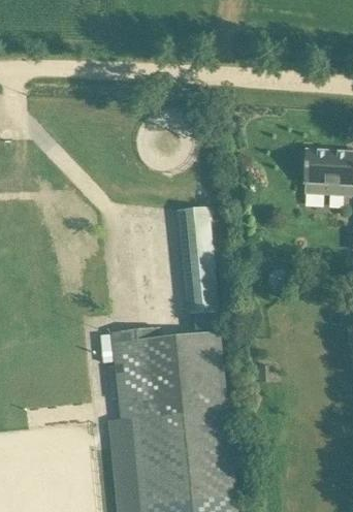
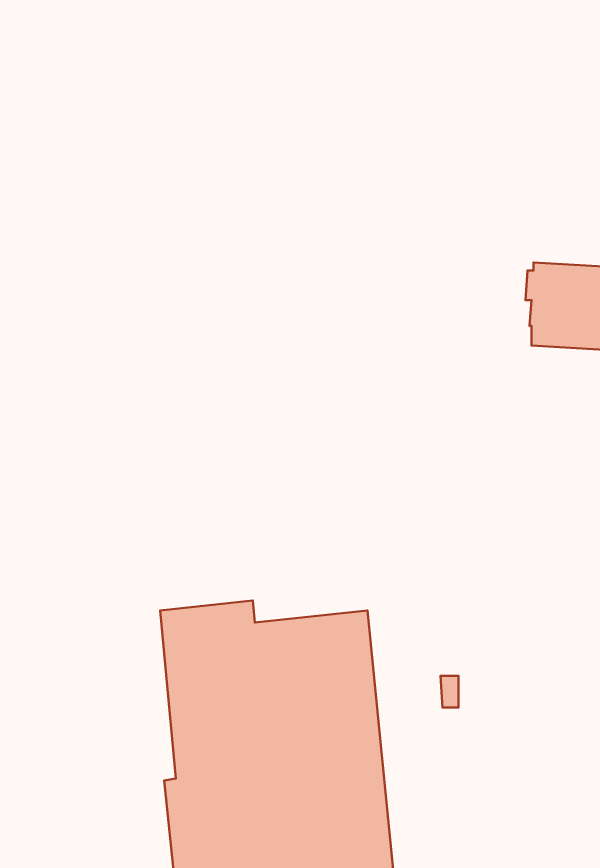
building: [178,207,218,314] -> none

